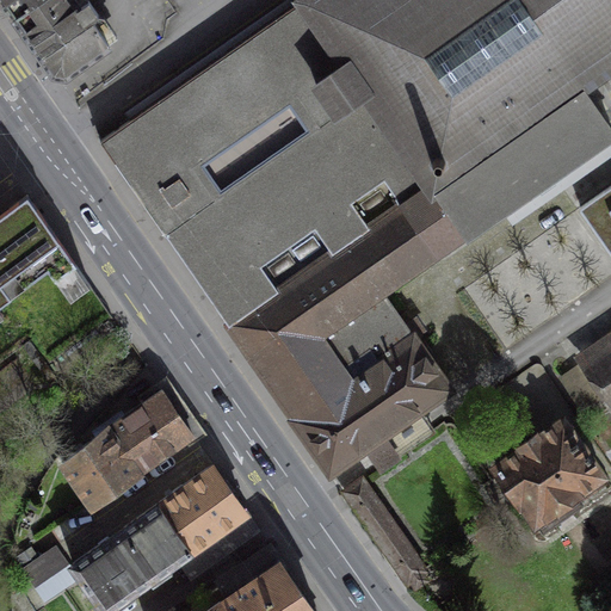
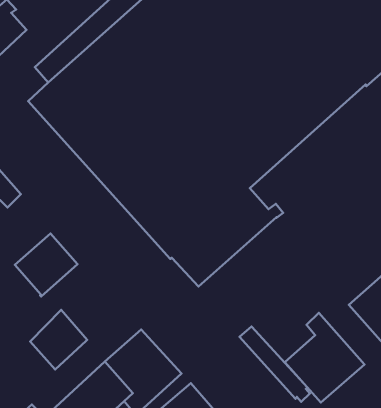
building: [295,338,448,471] -> none
building: [110,390,193,473] -> [15,234,77,296]
building: none -> [285,313,365,403]

